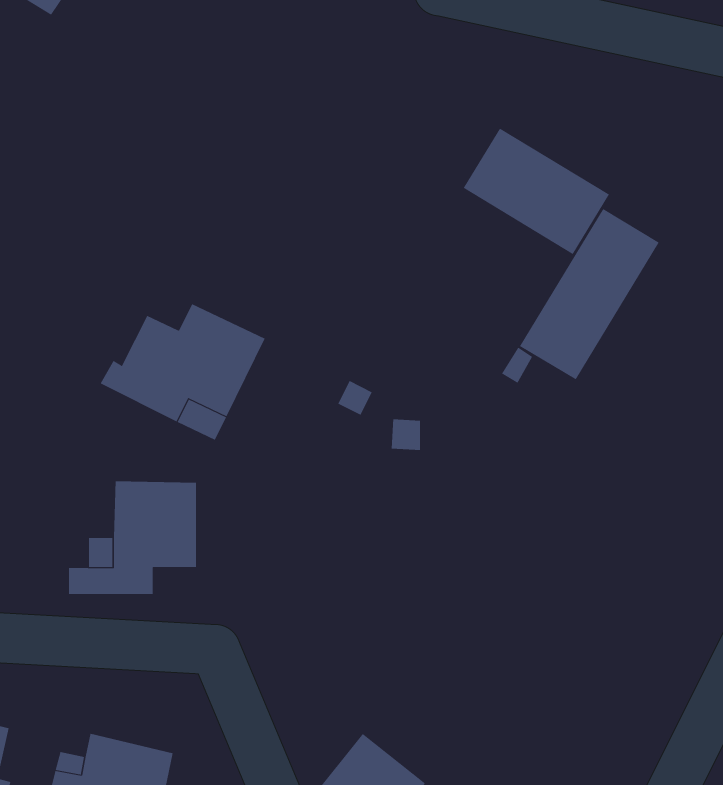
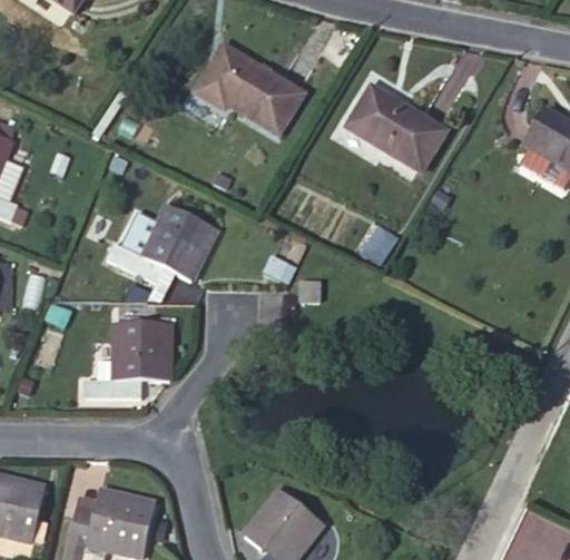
building: none -> [196,45,303,134]
building: [519,208,659,380] -> none

